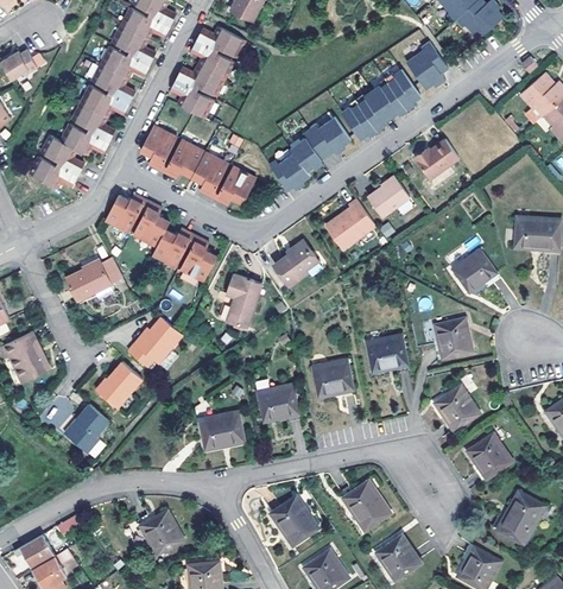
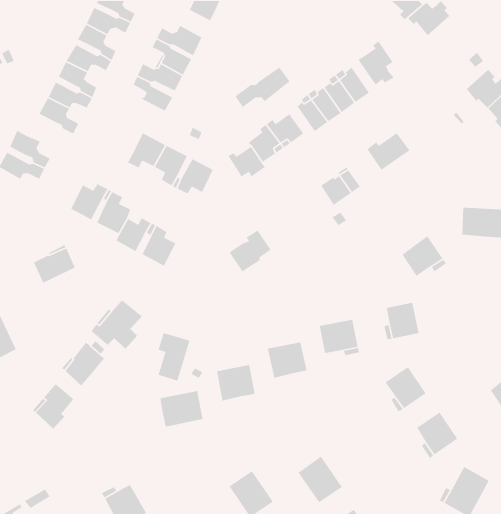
building: none -> [235,67,291,108]
building: [59,126,108,156] -> none
building: [141,126,176,170] -> none
building: [328,201,377,251] -> none
building: [227,274,261,327] -> [158,332,190,382]

